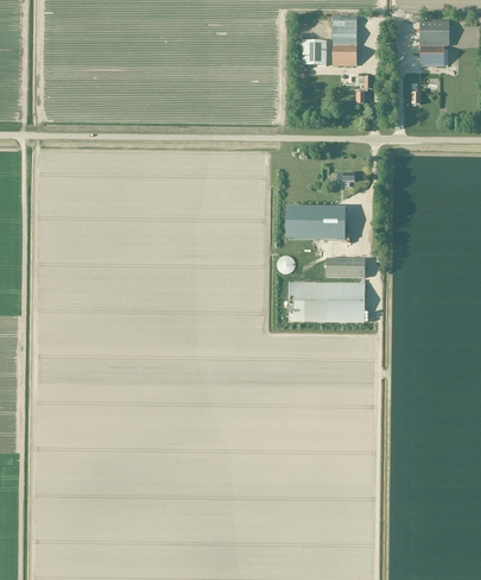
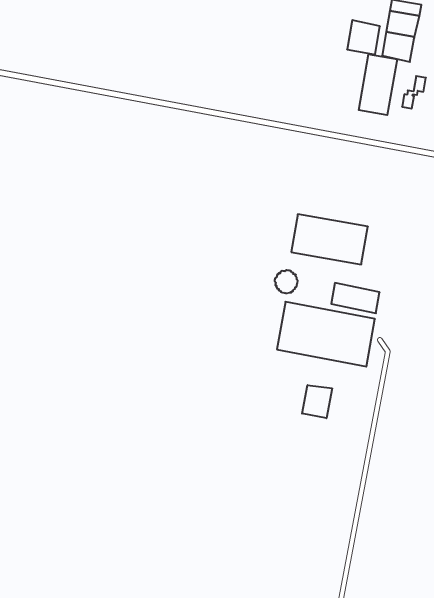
building: none -> [359,54,397,115]
building: none -> [302,385,332,418]

